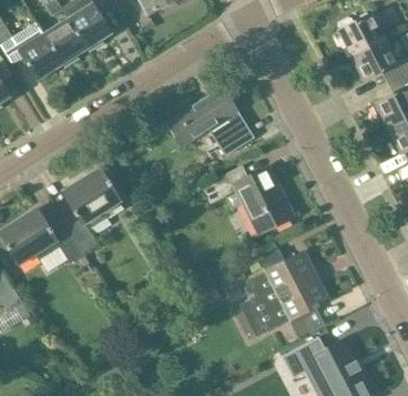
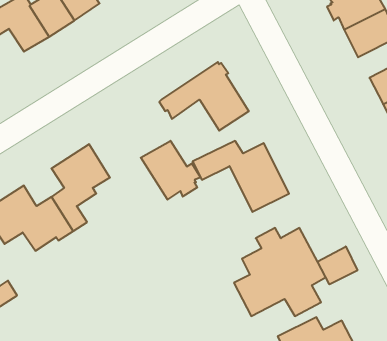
building: none -> [141,141,201,200]
building: none -> [317,246,357,284]

